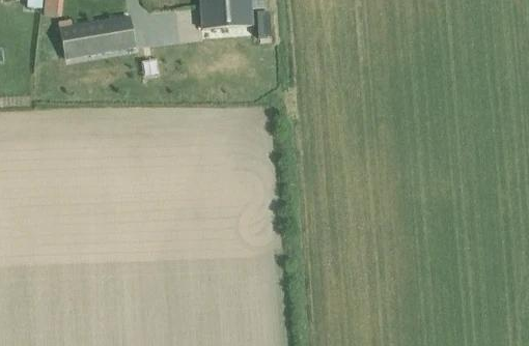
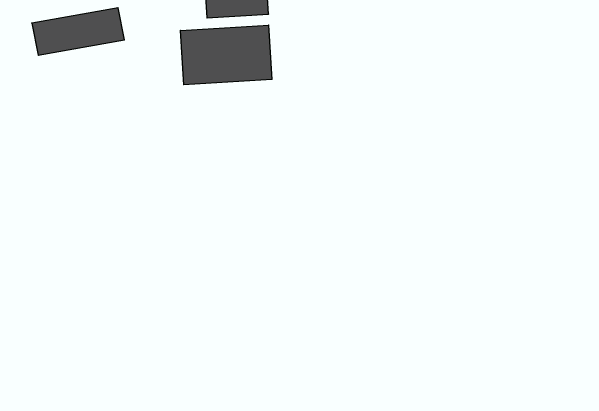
building: none -> [180,25,272,85]

